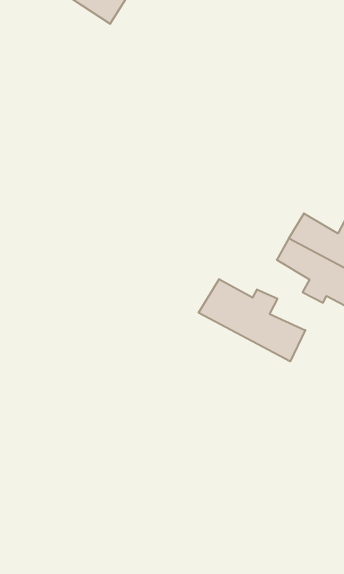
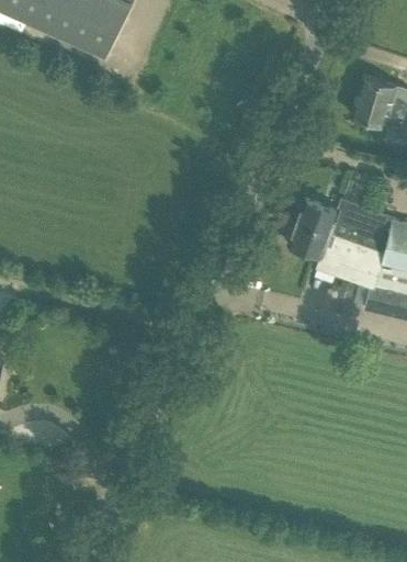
building: [199,279,305,361] -> none

